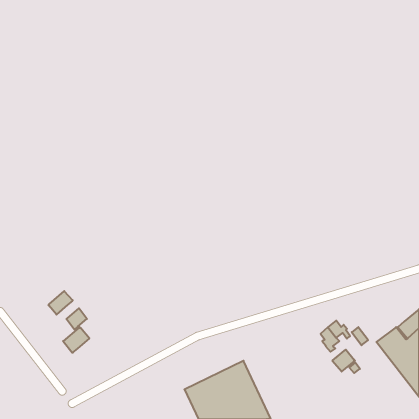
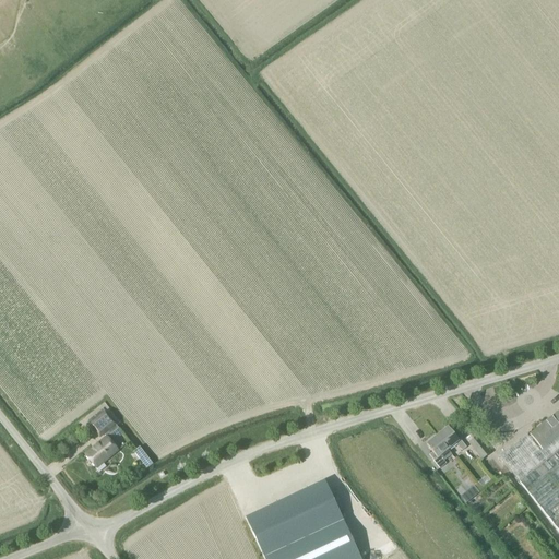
building: [48,291,73,315] -> none
building: [333,350,355,372] -> none

